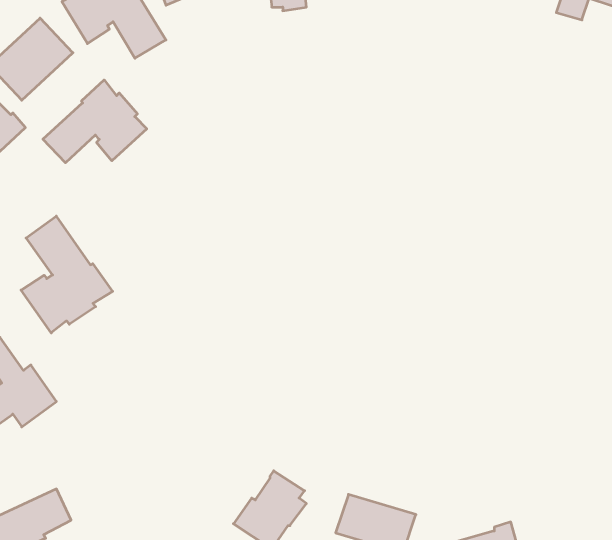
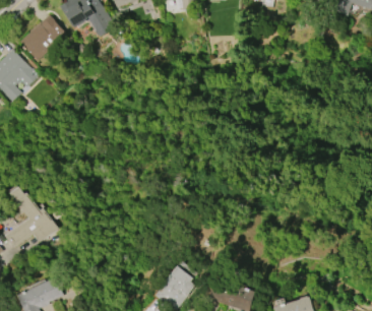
building: [43,80,147,163] -> none
building: [21,216,113,333] -> none

